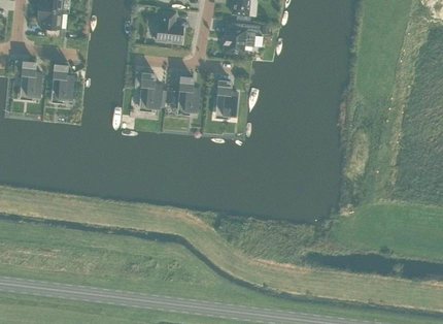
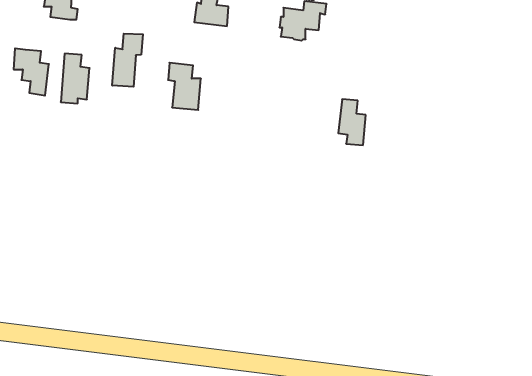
building: none -> [112,34,143,87]
building: [177,75,199,111] -> none
building: [215,79,237,116] -> [338,99,366,145]

